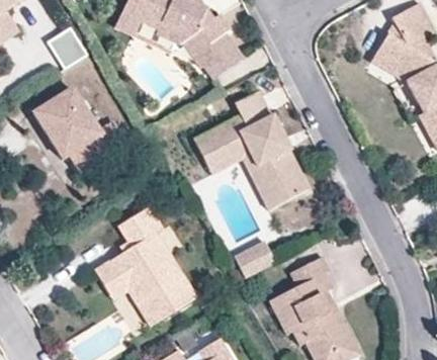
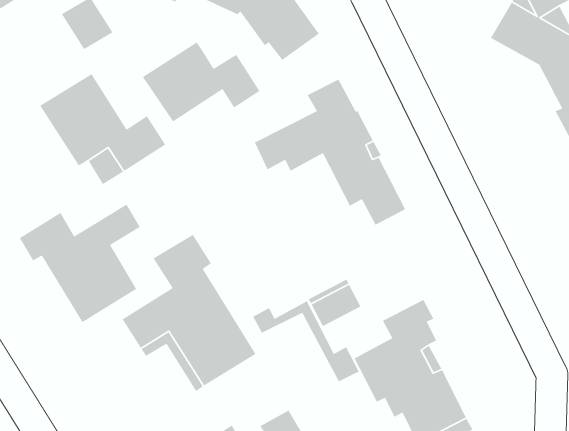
building: none -> [142,42,260,123]
building: [203,148,284,209] -> [252,300,360,383]
building: none -> [19,203,141,323]

